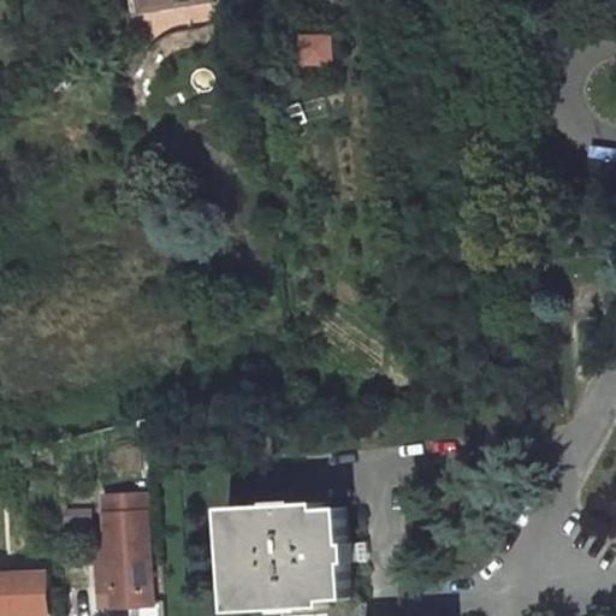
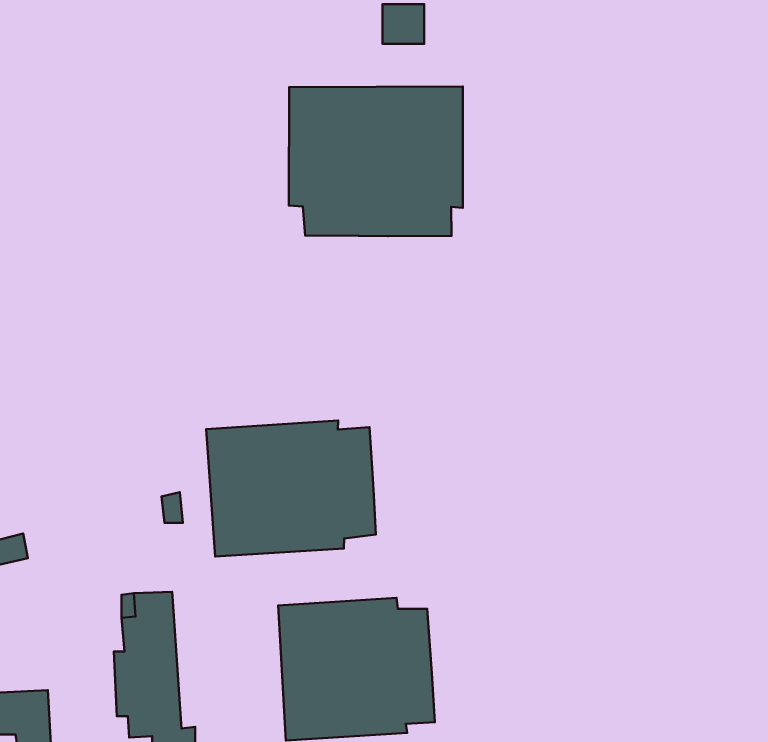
building: none -> [289,86,463,236]
building: none -> [206,421,376,557]

